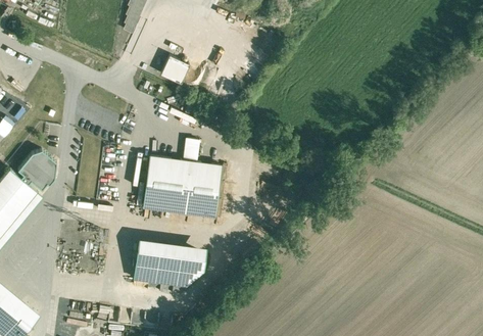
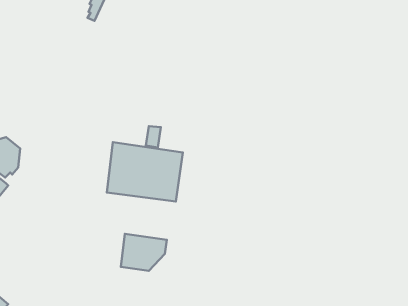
building: [160,55,189,84] -> none
building: [133,245,161,282] -> none

